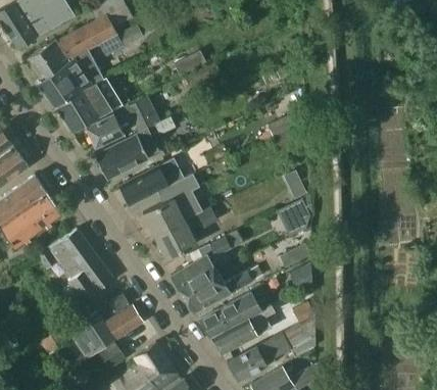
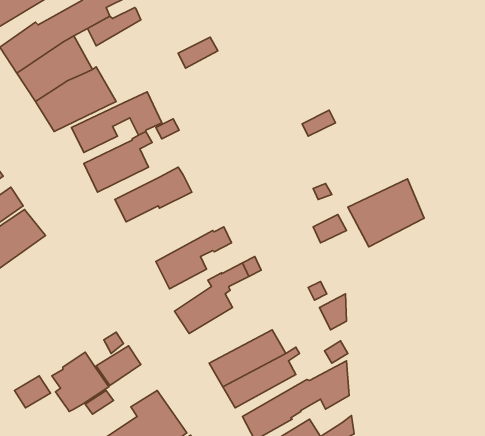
building: none -> [348,179,424,247]
building: [142,177,201,237] -> none
building: [37,230,111,302] -> none
building: [182,267,262,313] -> none

